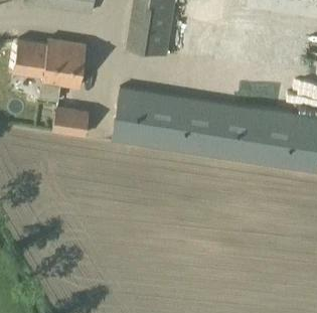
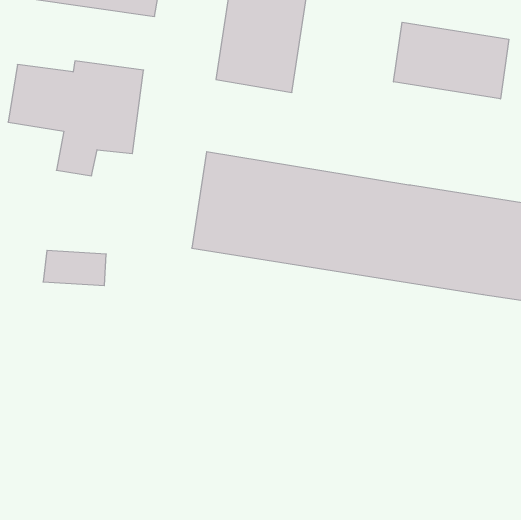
building: none -> [394,22,509,99]
building: [51,110,86,129] -> [43,250,106,286]

